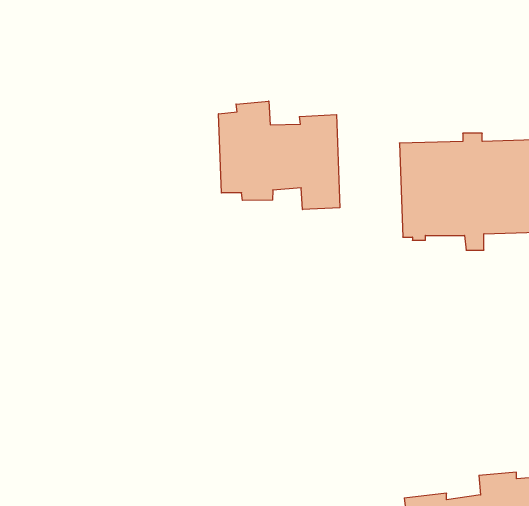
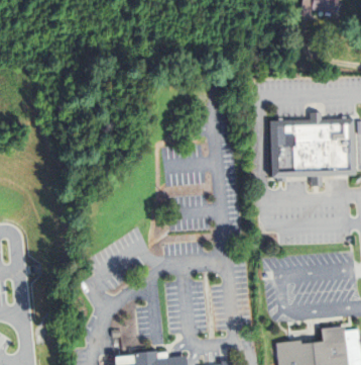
building: [219,101,340,210] -> none

